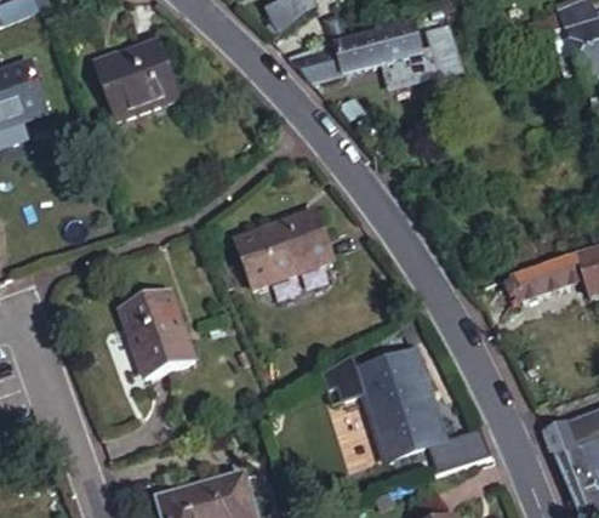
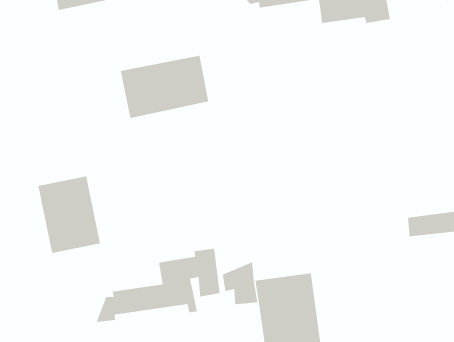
building: [238,203,336,280] -> [120,55,209,119]
building: none -> [95,248,220,323]

